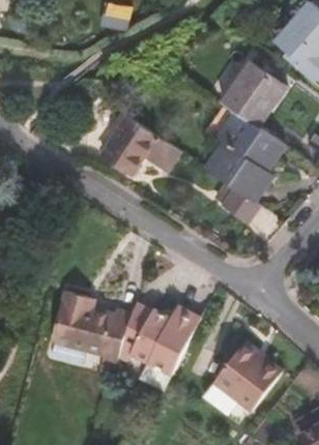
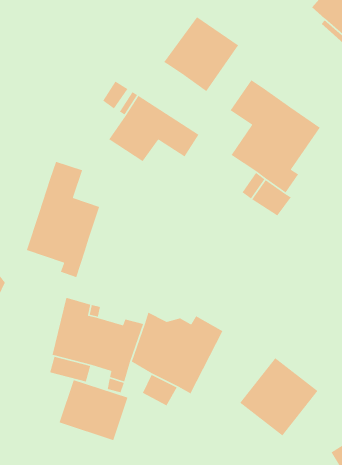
building: [222,61,287,126] -> [163,16,239,92]
building: none -> [26,161,100,278]
building: none -> [59,379,129,441]

